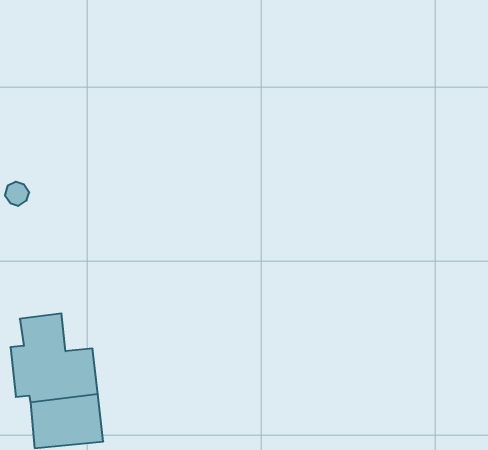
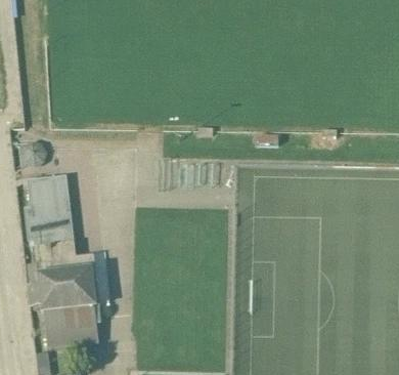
building: none -> [28,175,70,244]

